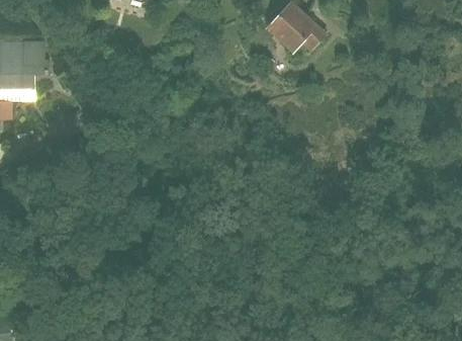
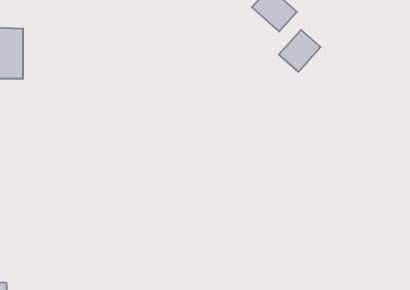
building: none -> [279,30,321,72]

